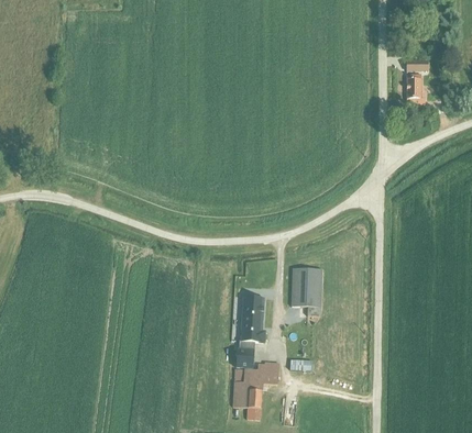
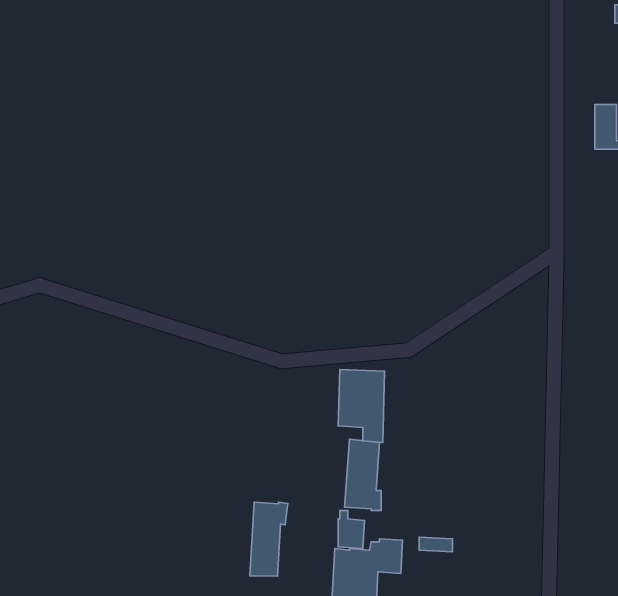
building: [292,266,322,314] -> [338,369,384,442]
building: none -> [250,502,288,576]

